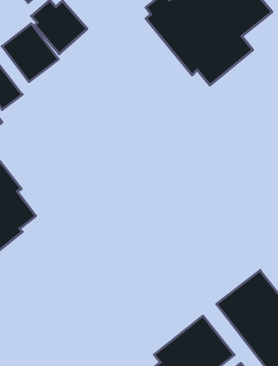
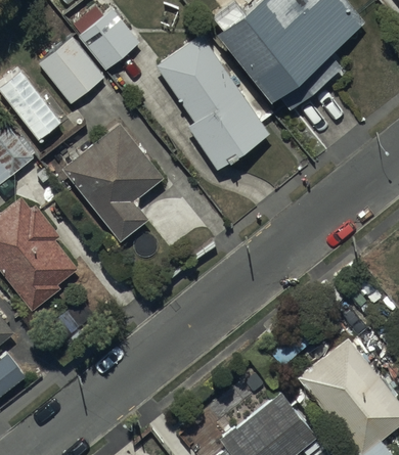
building: none -> [154,32,271,170]
building: none -> [60,120,164,242]

